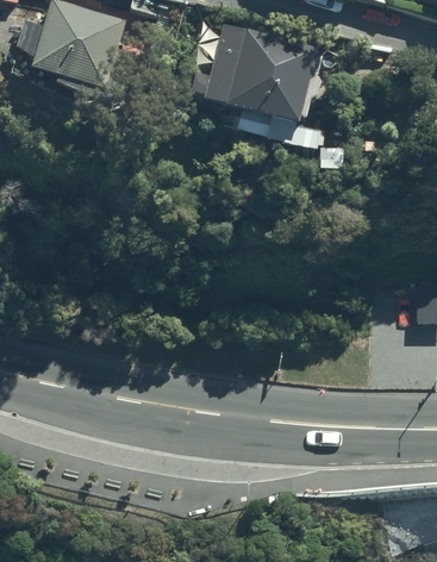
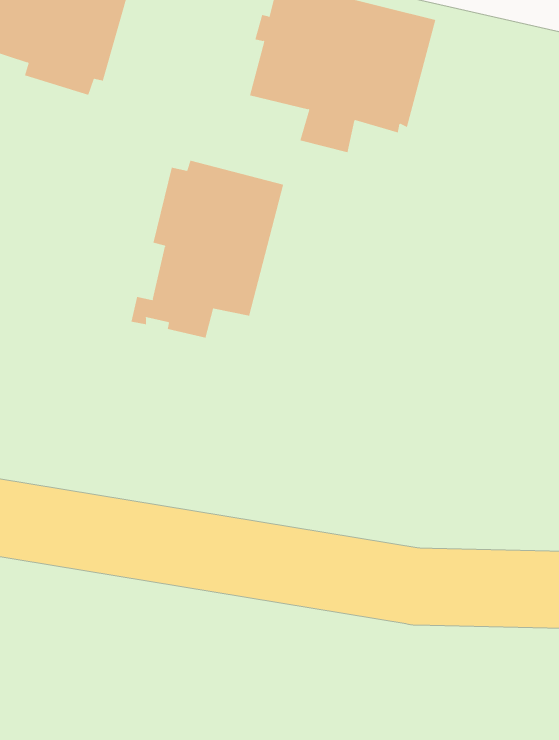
building: none -> [131,160,284,339]

